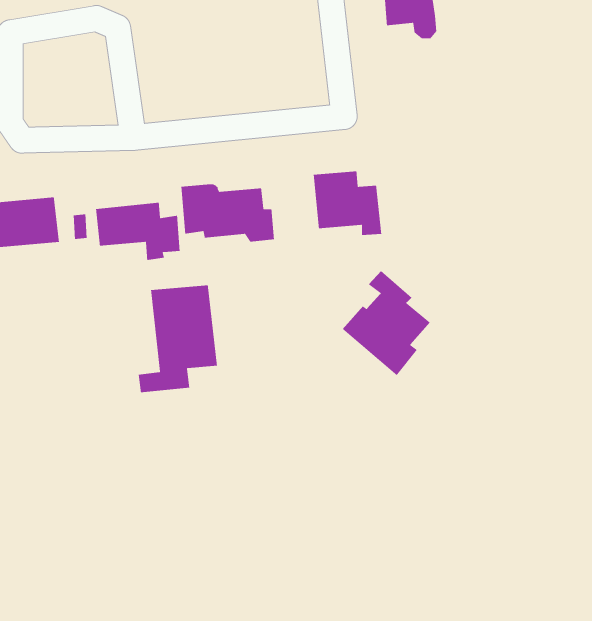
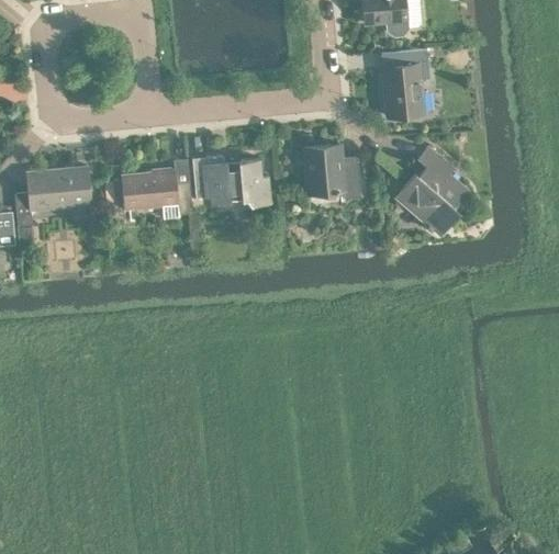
building: none -> [381,49,429,117]
building: [342,270,431,376] -> [394,147,469,236]
building: [138,284,218,393] -> none

